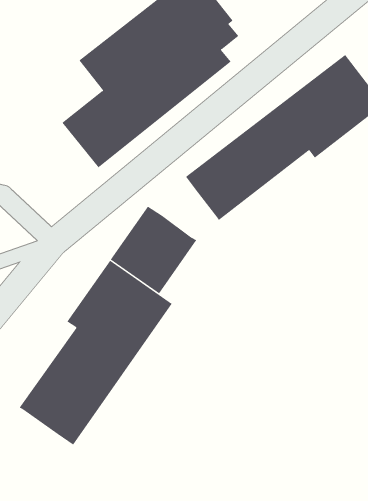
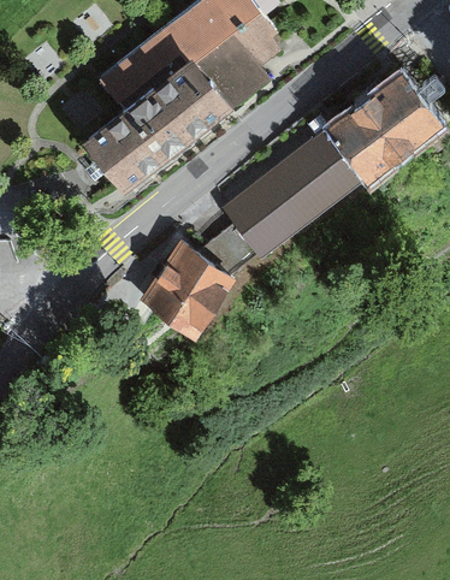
building: none -> [196,221,256,274]
building: [19,260,172,445] -> none

